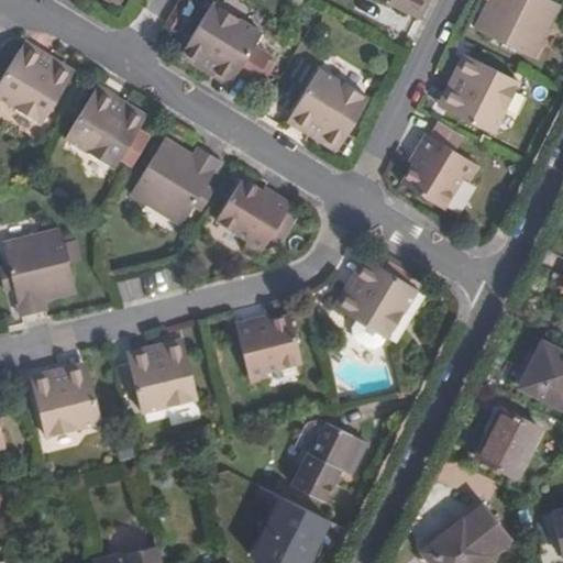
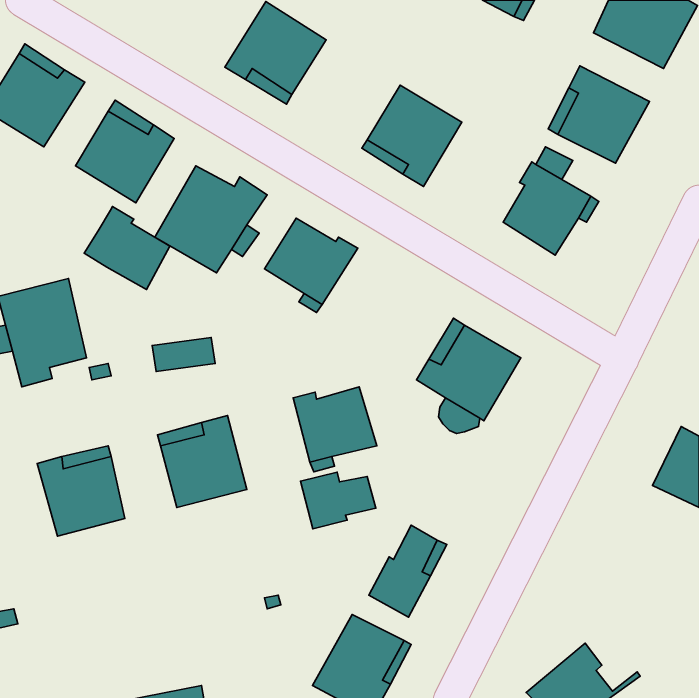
building: none -> [84,207,170,290]
building: none -> [300,472,376,529]
building: [479,411,543,481] -> none
building: [470,507,511,556] -> none

